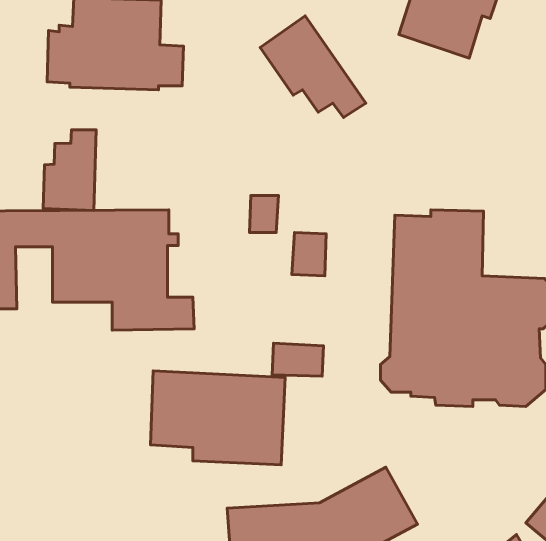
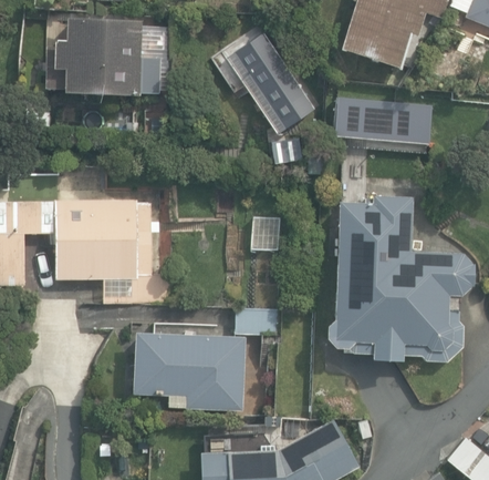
building: none -> [331,93,429,141]
building: [43,130,96,210] -> none

